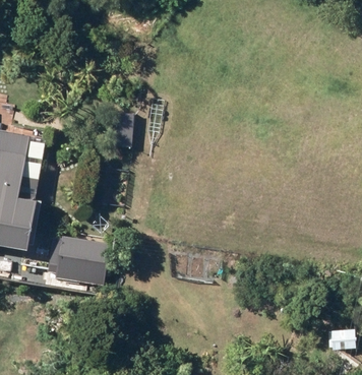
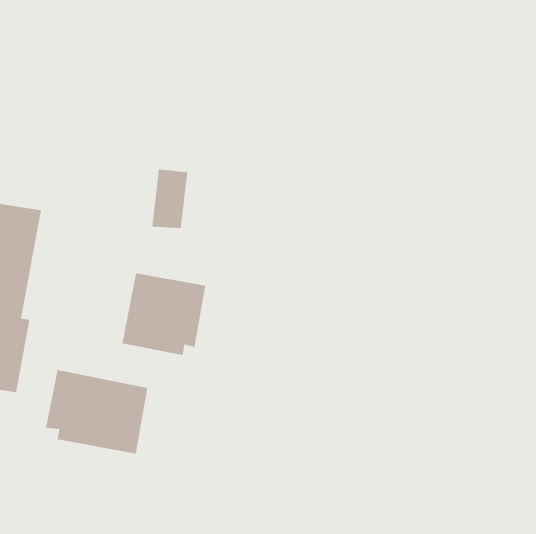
building: none -> [122,273,206,356]

